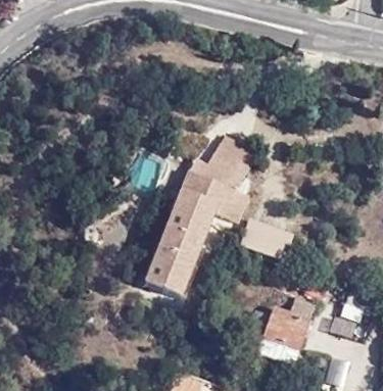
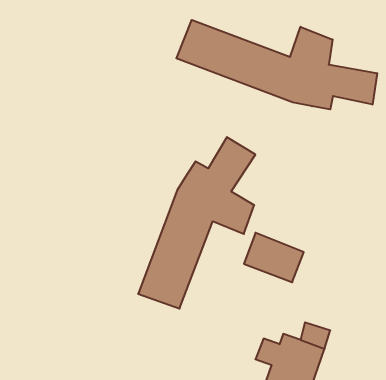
building: none -> [176,20,377,109]

